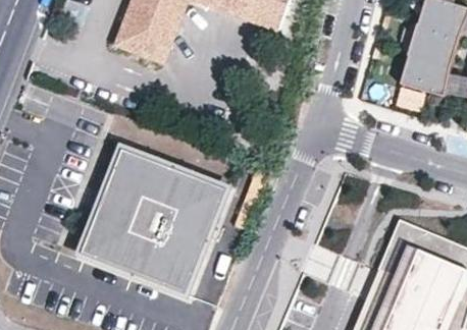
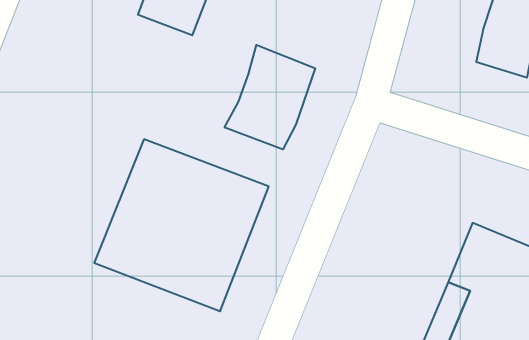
building: none -> [225,45,315,149]

